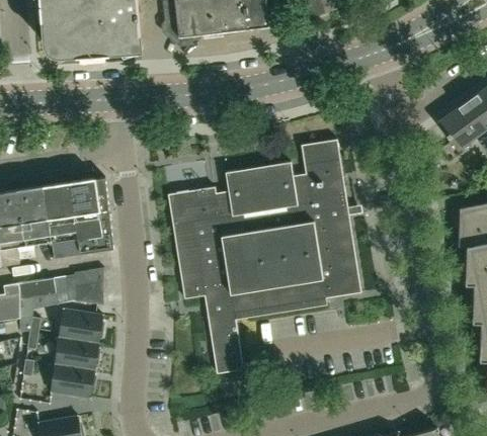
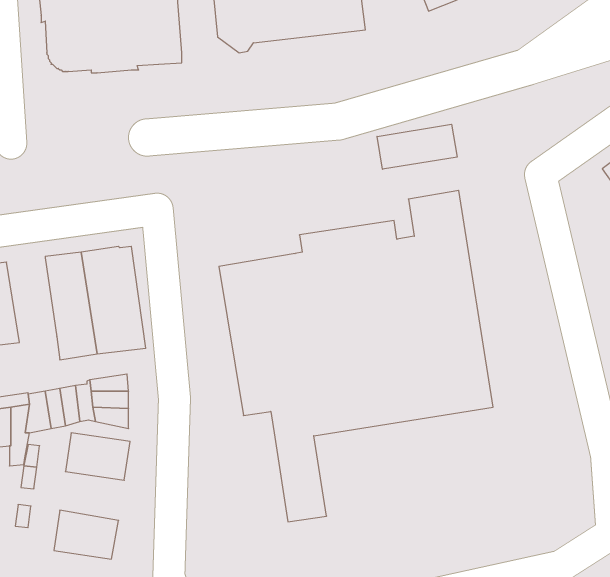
building: none -> [377,124,457,169]
building: [17,186,53,247] -> none
building: [55,338,100,372] -> none

